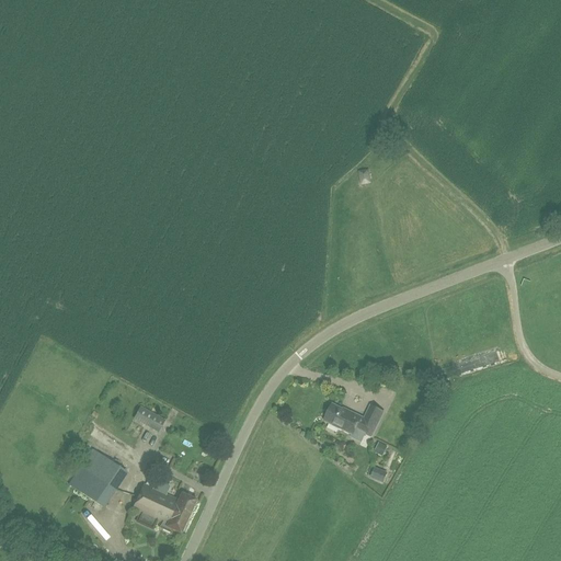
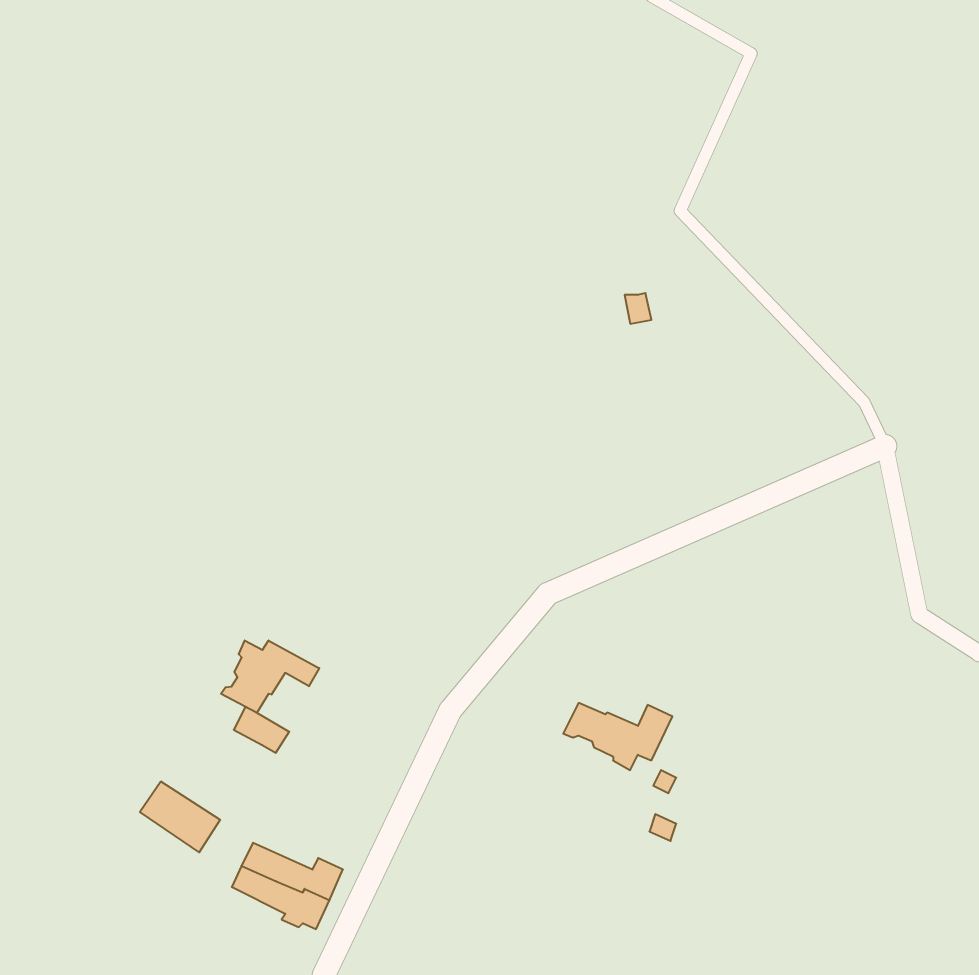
building: none -> [221,640,319,713]
building: [68,465,114,505] -> none

